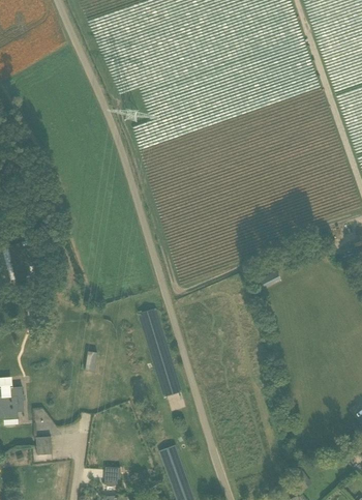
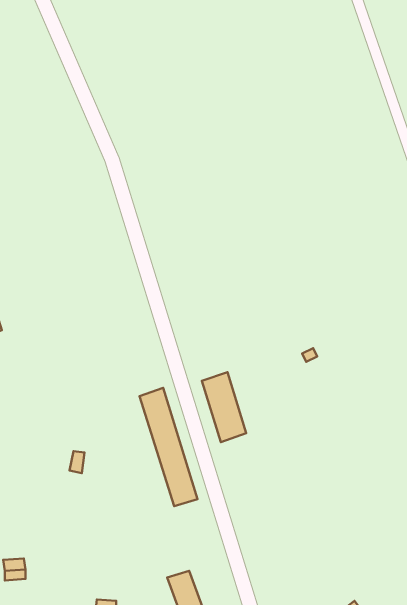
building: none -> [202,372,246,442]

